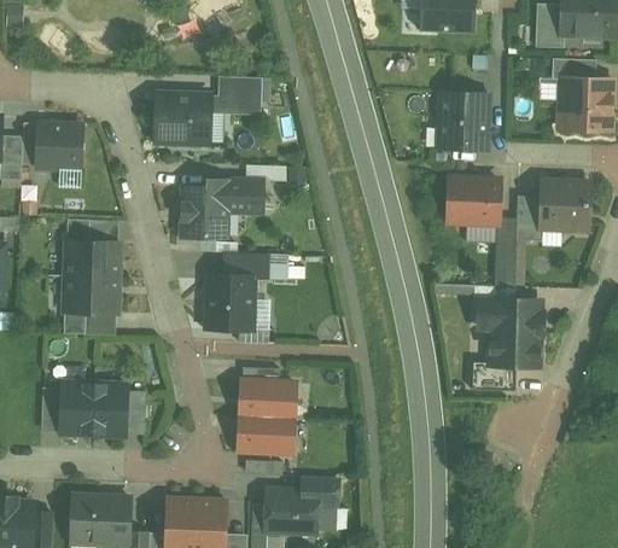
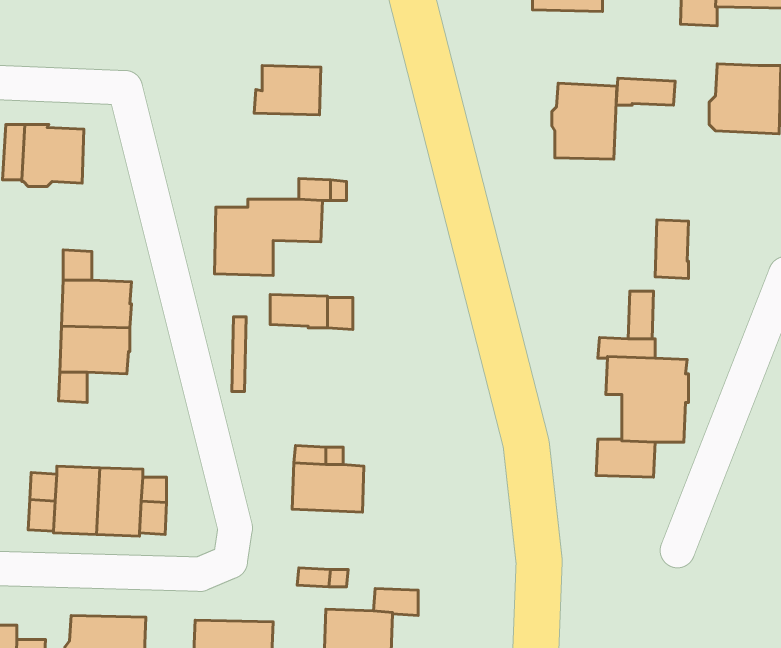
building: [552,58,596,78] -> [616,78,675,105]
building: [156,92,214,145] -> none
building: [449,177,500,223] -> none
building: [541,181,590,231] -> none
building: [208,274,253,330] -> none
building: [239,415,295,453] -> none

